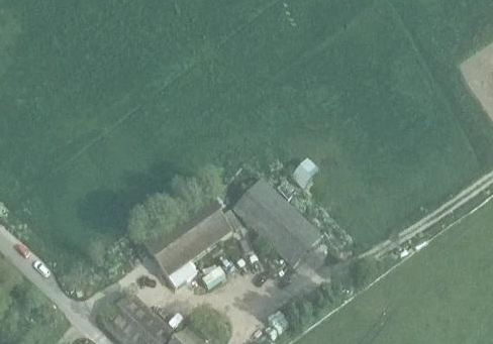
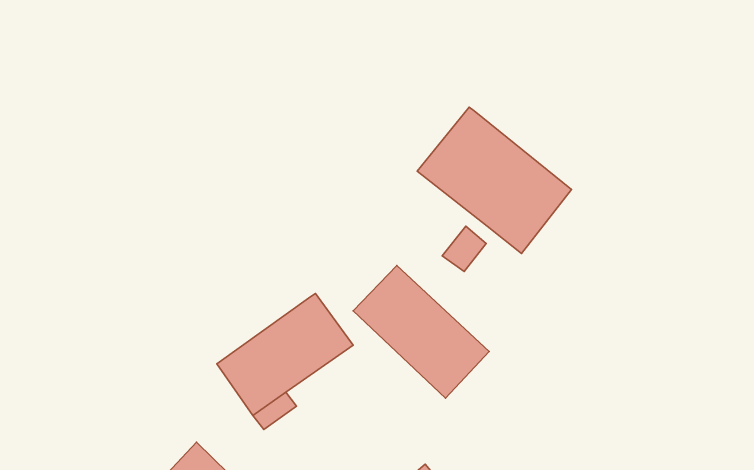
building: none -> [417,107,572,254]

